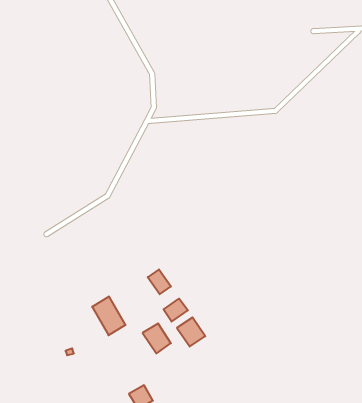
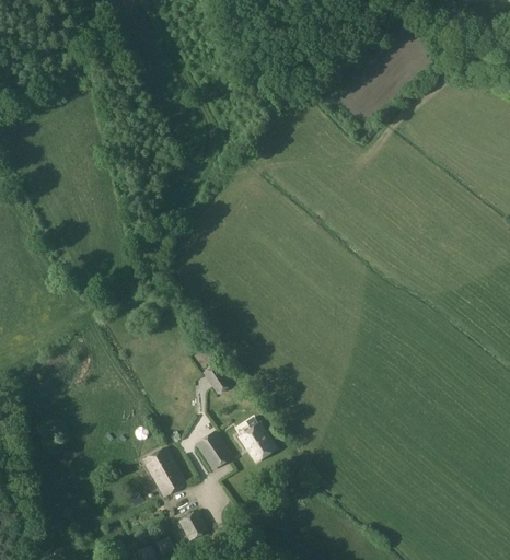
building: [92,297,126,335] -> [142,446,185,495]
building: [164,299,188,322] -> none

